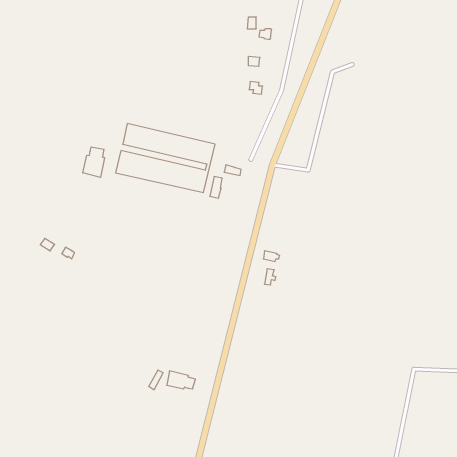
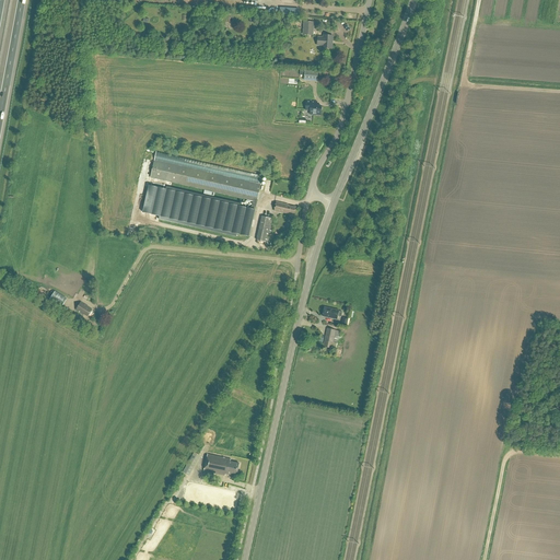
building: [83,147,105,177] -> none

